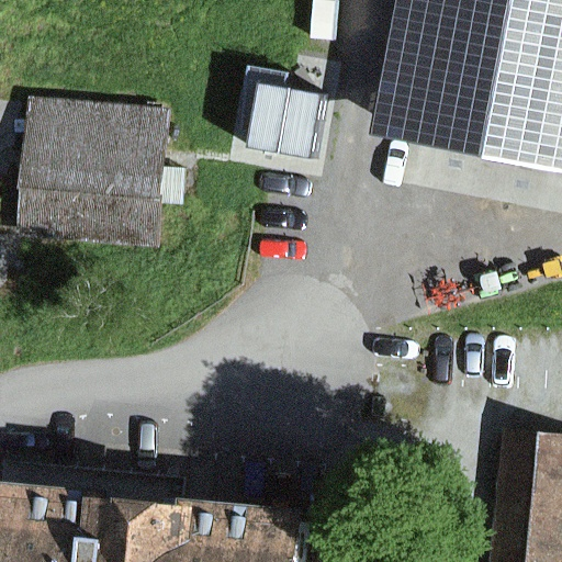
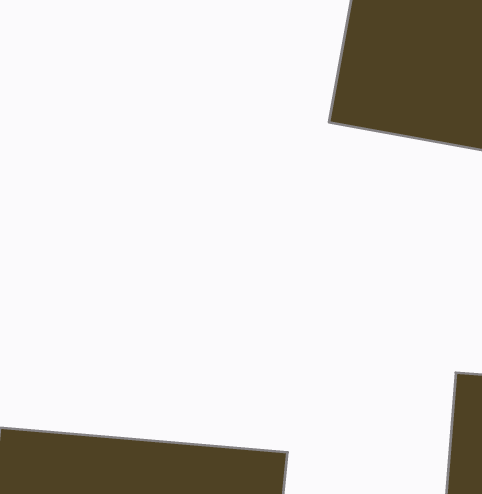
building: [241,89,317,164] -> none
building: [30,92,180,245] -> none

